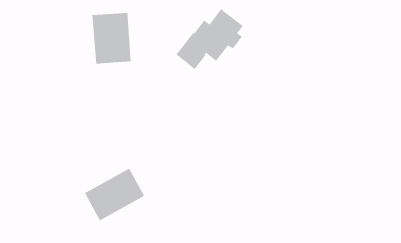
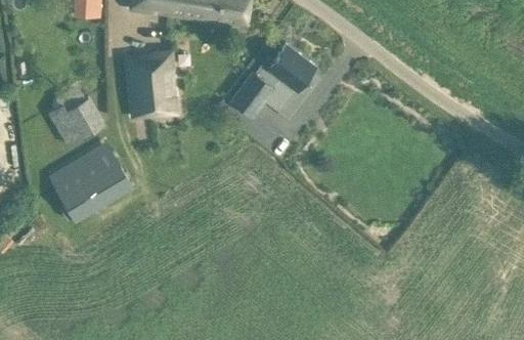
building: none -> [50,99,102,143]
building: [84,168,145,222] -> [49,146,126,214]

